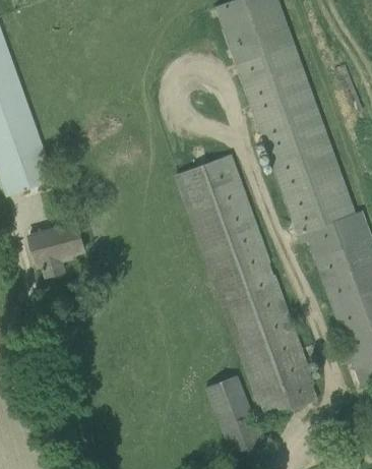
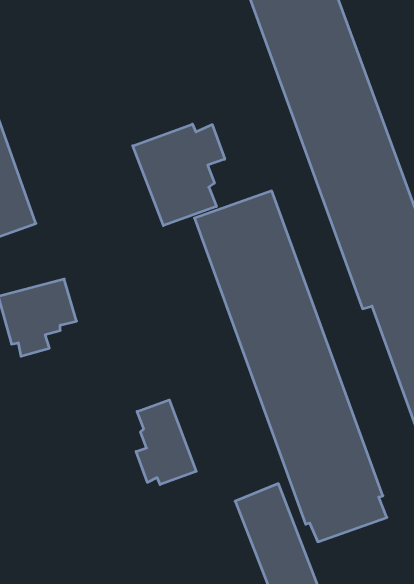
building: none -> [133,124,225,226]
building: none -> [136,400,196,485]

